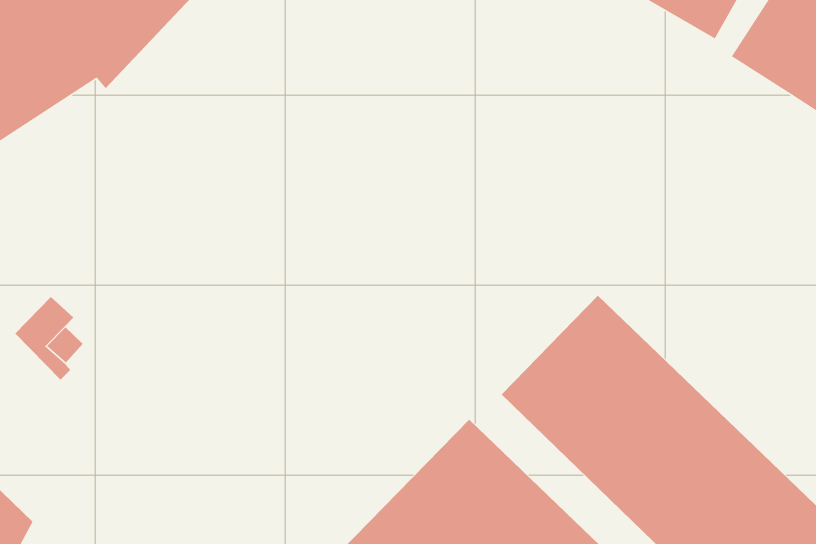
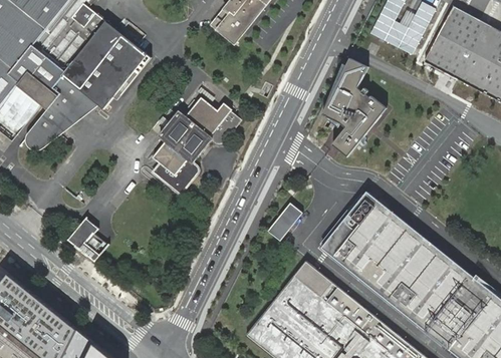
building: none -> [323,59,386,157]
building: none -> [152,96,239,194]
building: none -> [267,202,301,240]

